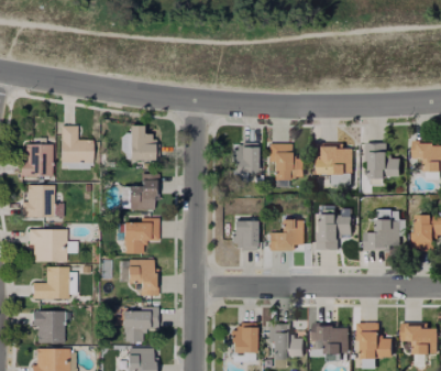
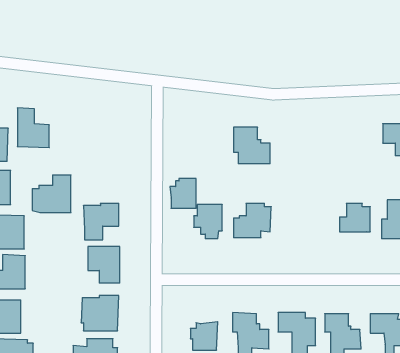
building: [129,133,158,160] -> none
building: [231,142,256,171] -> [170,179,196,208]
building: [316,144,357,176] -> none
building: [365,144,399,178] -> none
building: [120,174,157,210] -> [32,175,71,213]
building: [316,214,351,251] -> none

